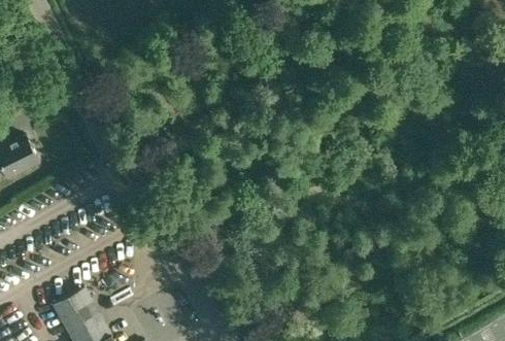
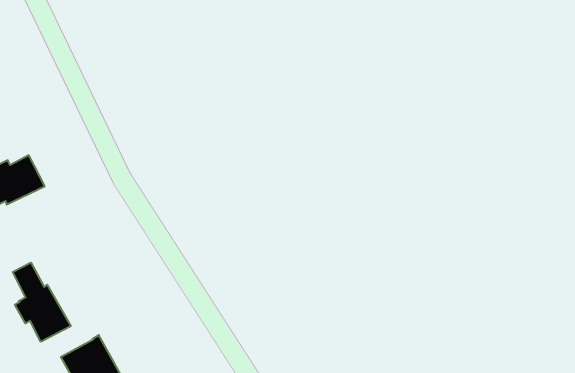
building: none -> [13,263,71,342]

